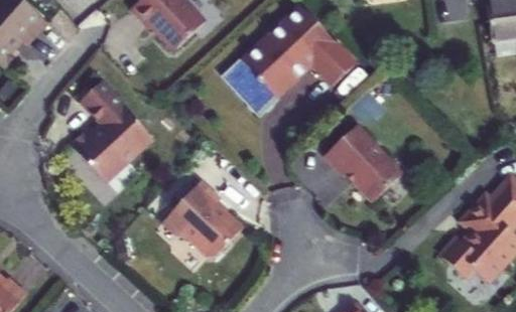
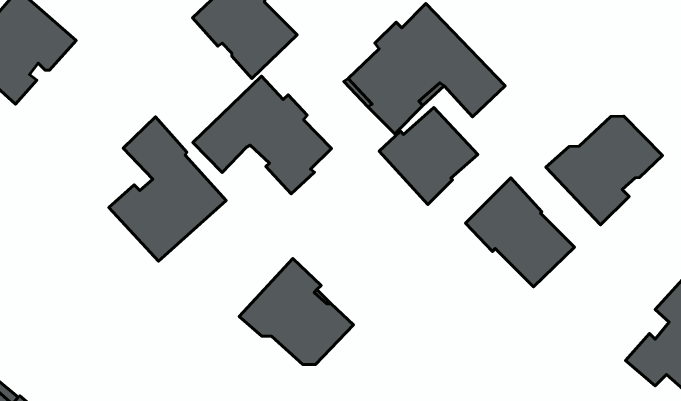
building: none -> [193,76,331,194]
building: none -> [379,108,478,204]
building: none -> [546,116,663,225]

